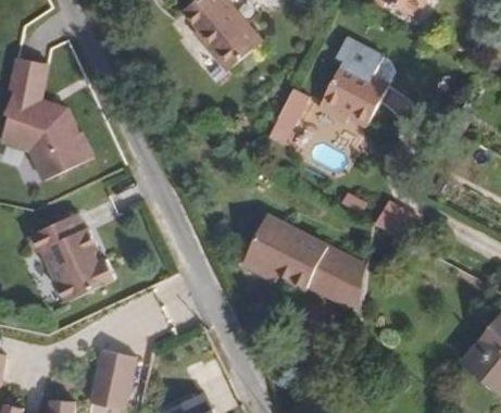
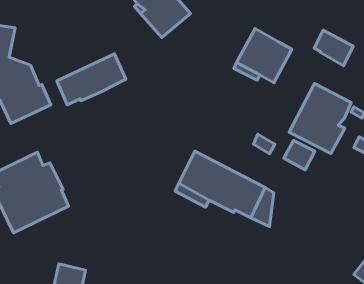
building: [335,36,383,79] -> [314,30,353,66]
building: [268,87,314,145] -> none
building: none -> [57,54,126,105]
building: none -> [289,83,351,154]

